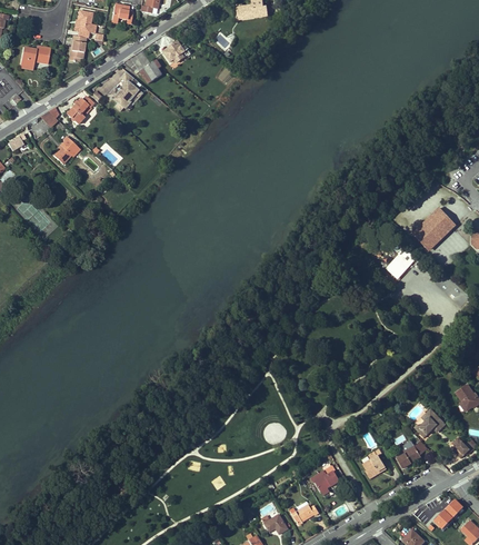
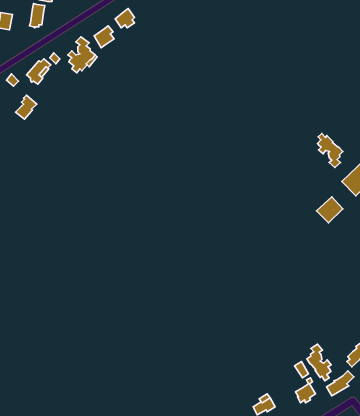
building: none -> [317,133,343,168]
building: none -> [307,344,331,381]

